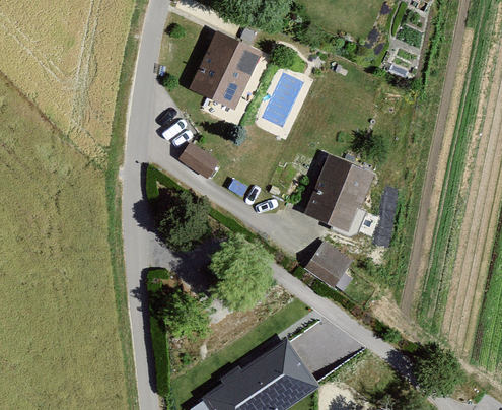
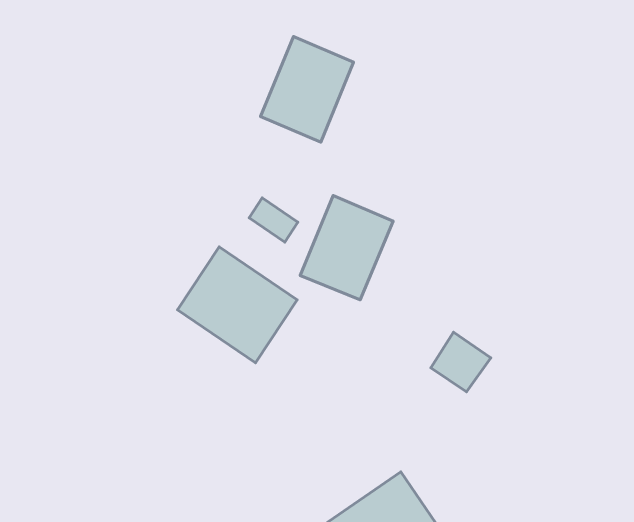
building: [304,156,370,230] -> [300,196,393,300]
building: none -> [177,247,297,363]

